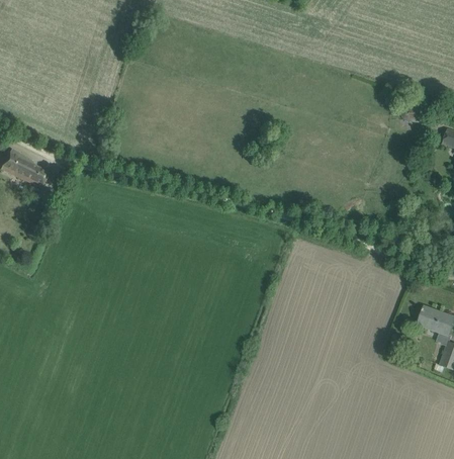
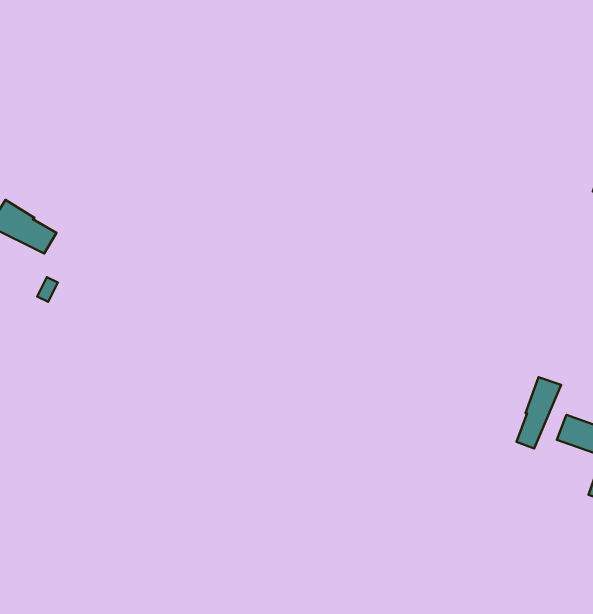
building: none -> [516,377,561,449]

